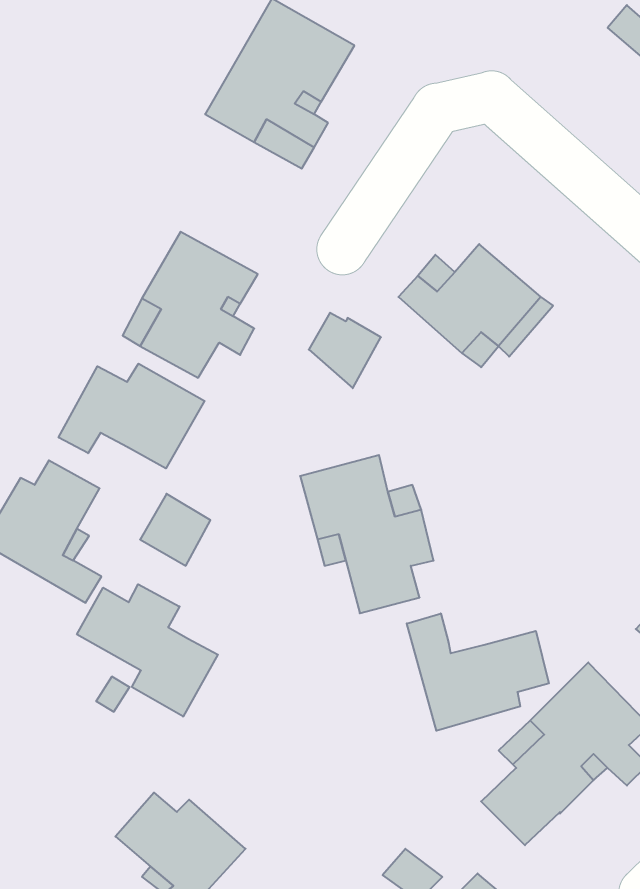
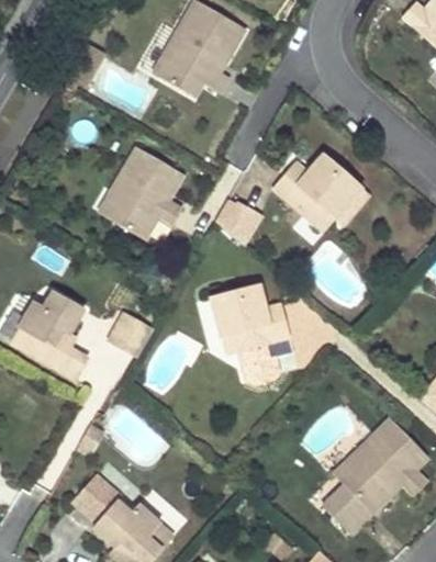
building: [59,364,205,468] -> none
building: [77,584,218,717] -> none
building: [407,613,549,731] -> none
building: none -> [72,471,120,519]

